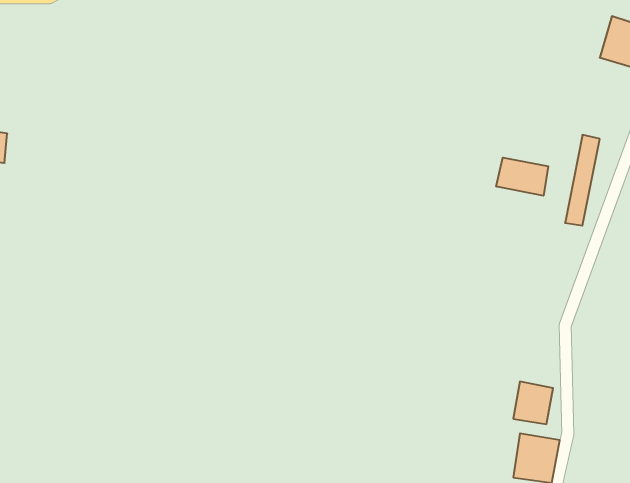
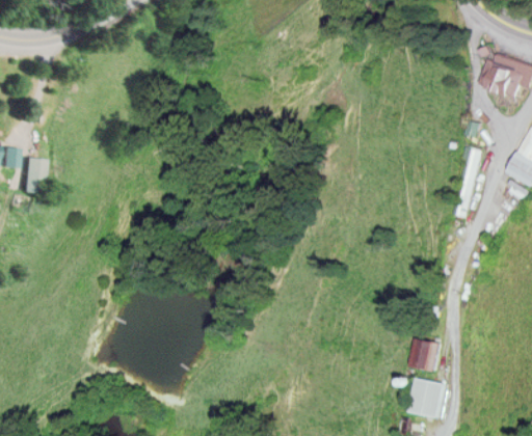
building: none -> [22,159,41,192]
building: [496,158,548,196] -> none

